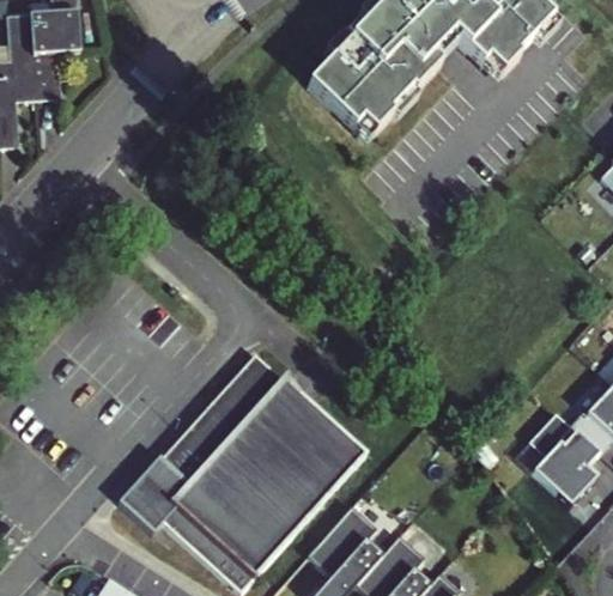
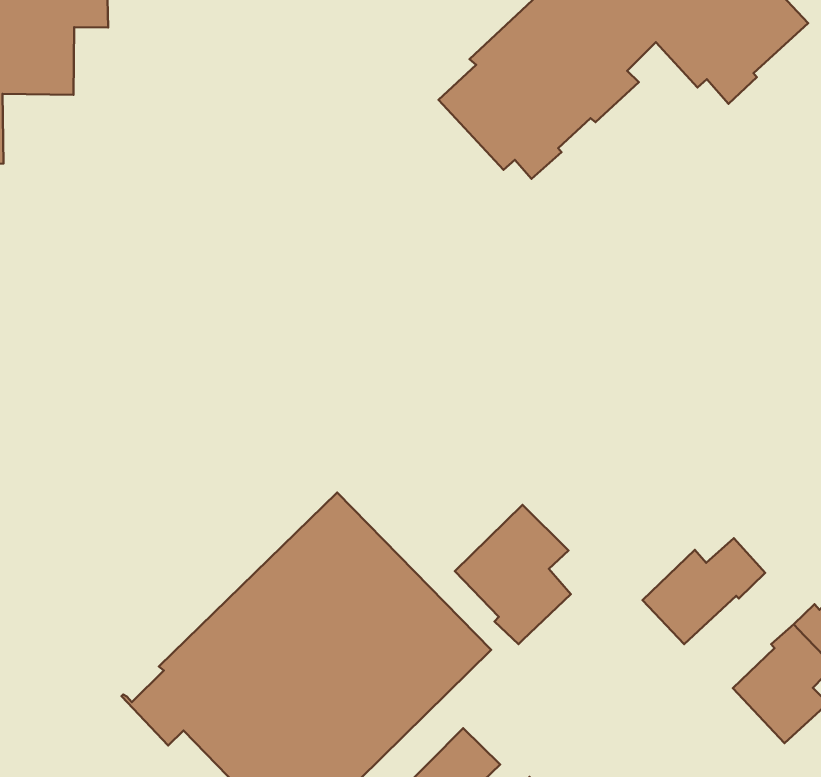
building: none -> [455,505,571,644]
building: none -> [642,538,765,644]

